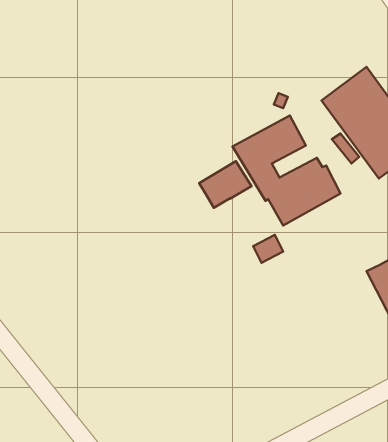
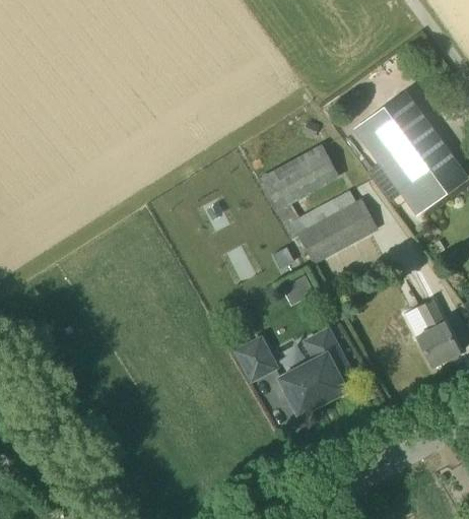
building: [199,161,251,208] -> none
building: none -> [280,331,348,415]
building: none -> [237,338,275,380]

